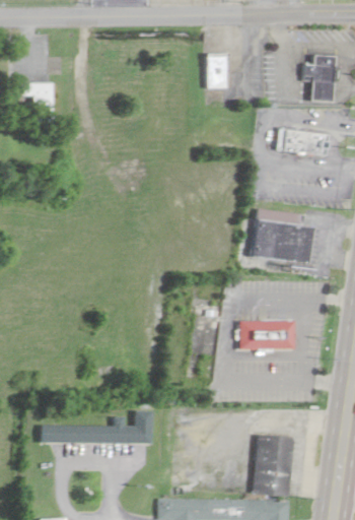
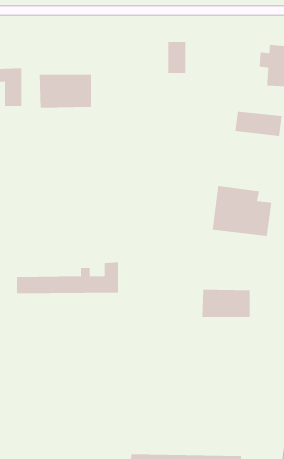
building: none -> [39,74,92,109]
building: [40,410,150,445] -> [16,262,119,294]
building: [247,434,286,497] -> none

